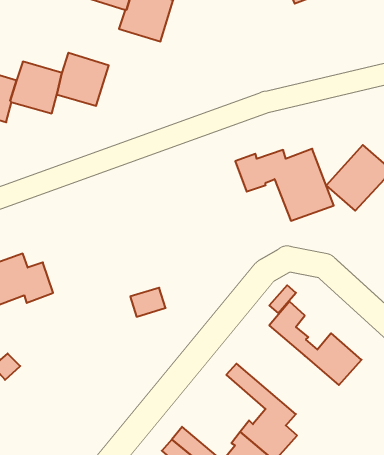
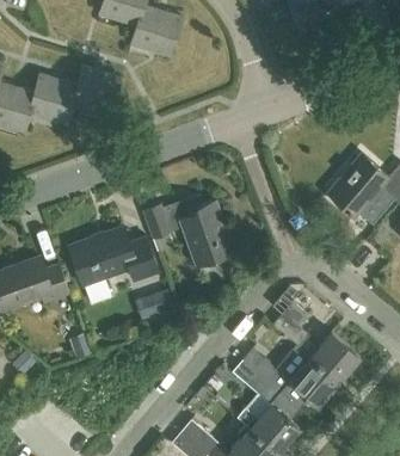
building: [235,149,334,221] -> [142,199,235,267]
building: none -> [67,227,158,286]
building: none -> [241,350,338,409]

